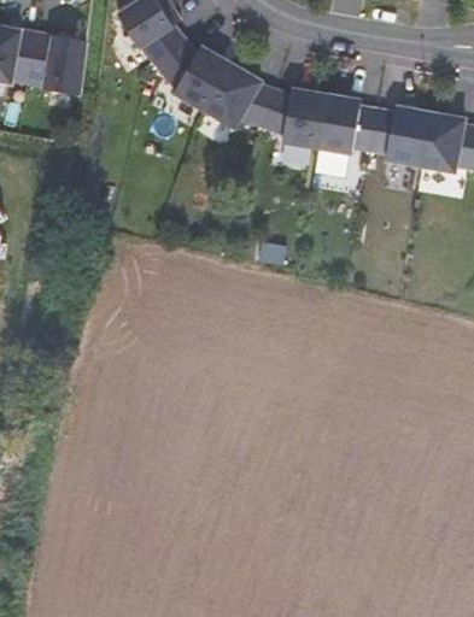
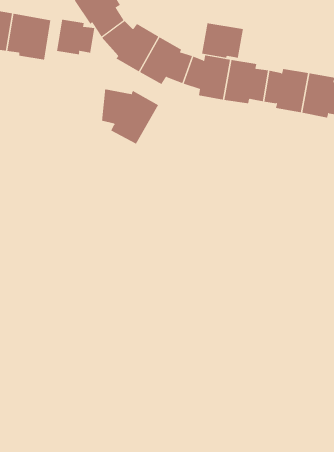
building: none -> [57,19,95,55]
building: none -> [201,23,244,59]
building: none -> [102,89,159,145]

